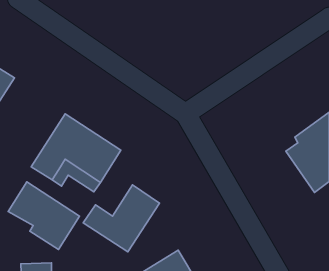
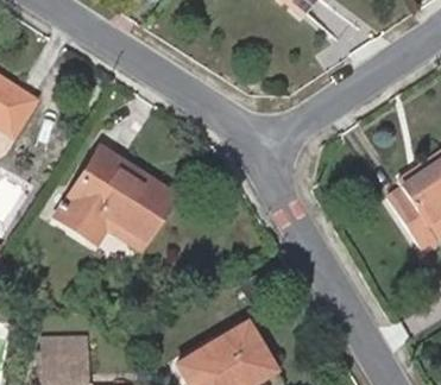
building: [8,182,79,250] -> none
building: [83,185,160,252] -> none

